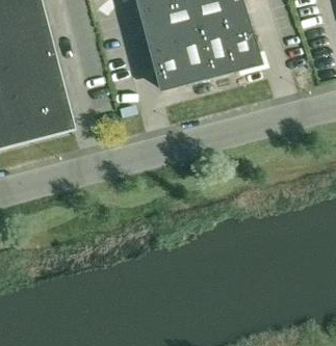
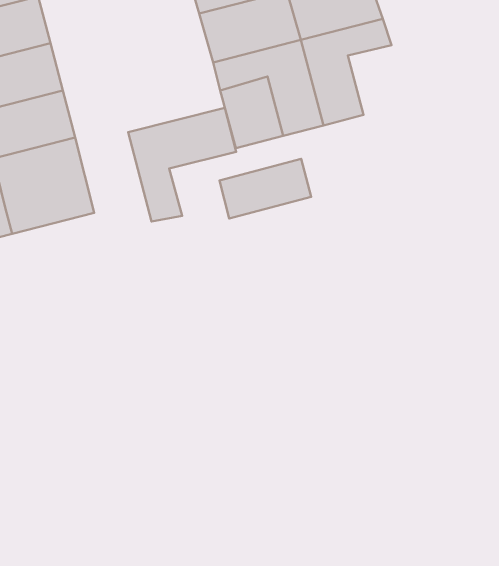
building: [226,29,263,71] -> none
building: none -> [128,108,236,222]
building: none -> [219,159,311,218]

